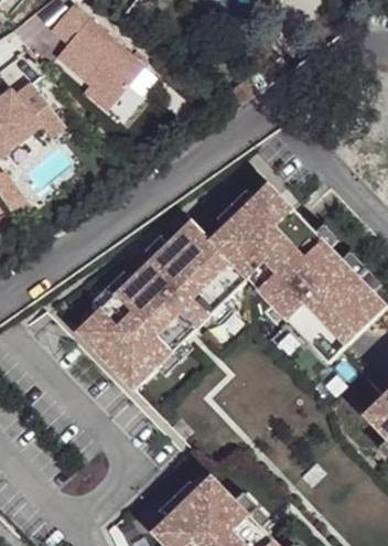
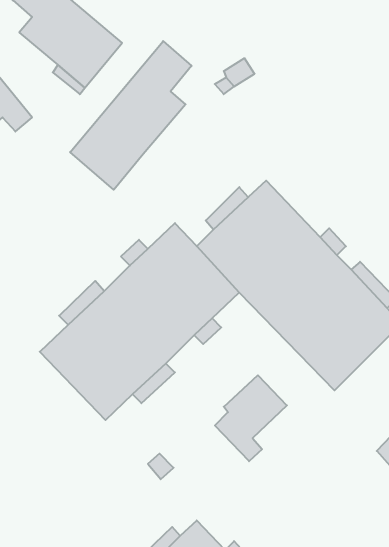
building: none -> [70,41,192,190]
building: none -> [215,375,287,461]

